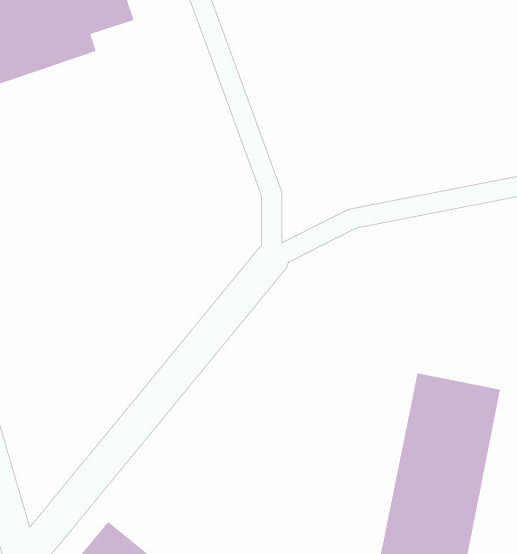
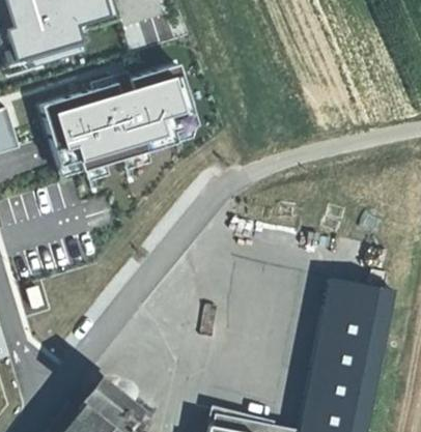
building: none -> [47,65,194,166]

